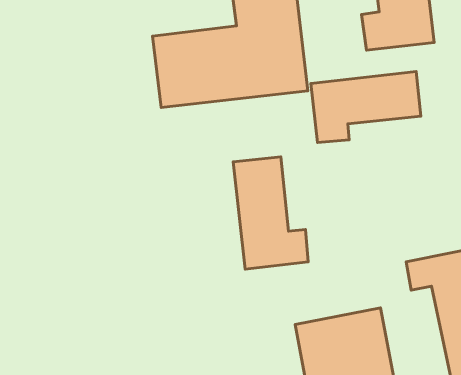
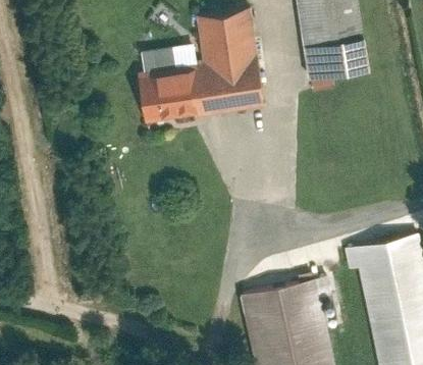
building: [311,71,421,142] -> none
building: [233,157,308,269] -> none

